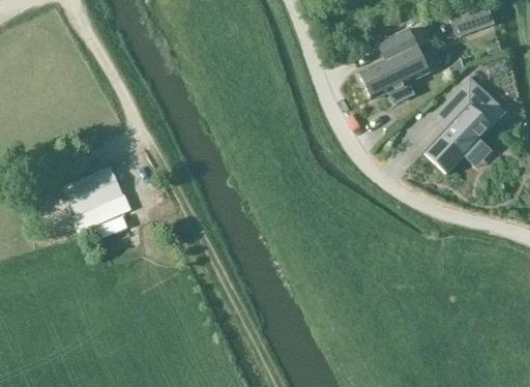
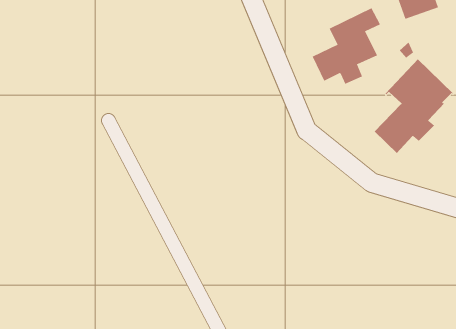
building: [64,168,132,232] -> none

